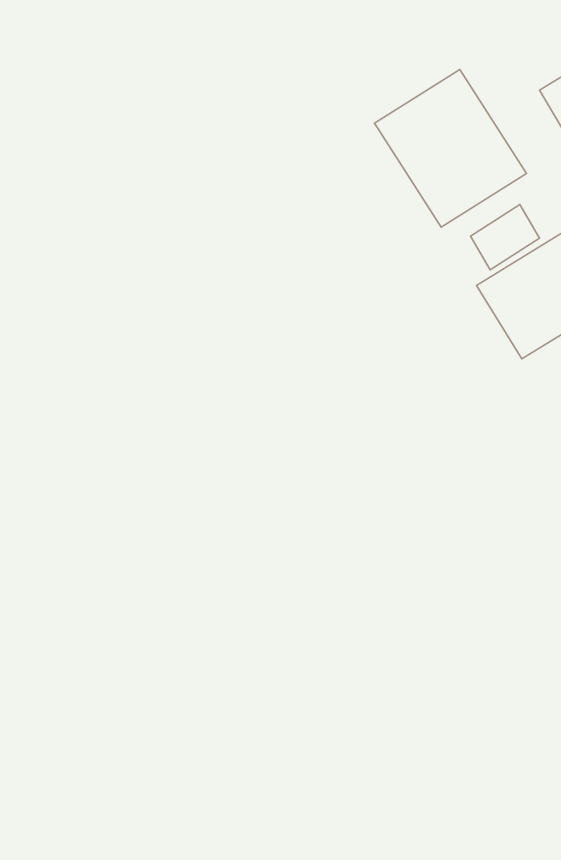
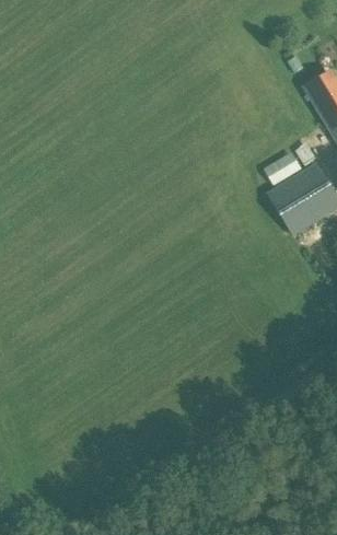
building: [375,69,526,227] -> none

